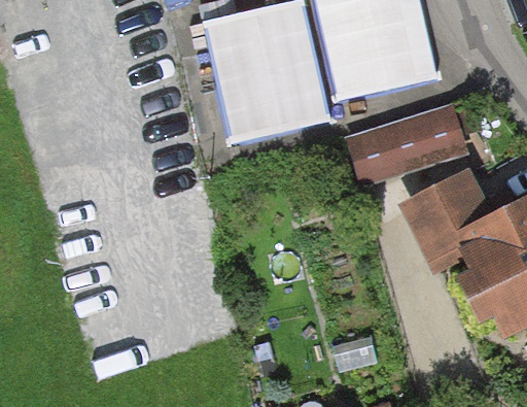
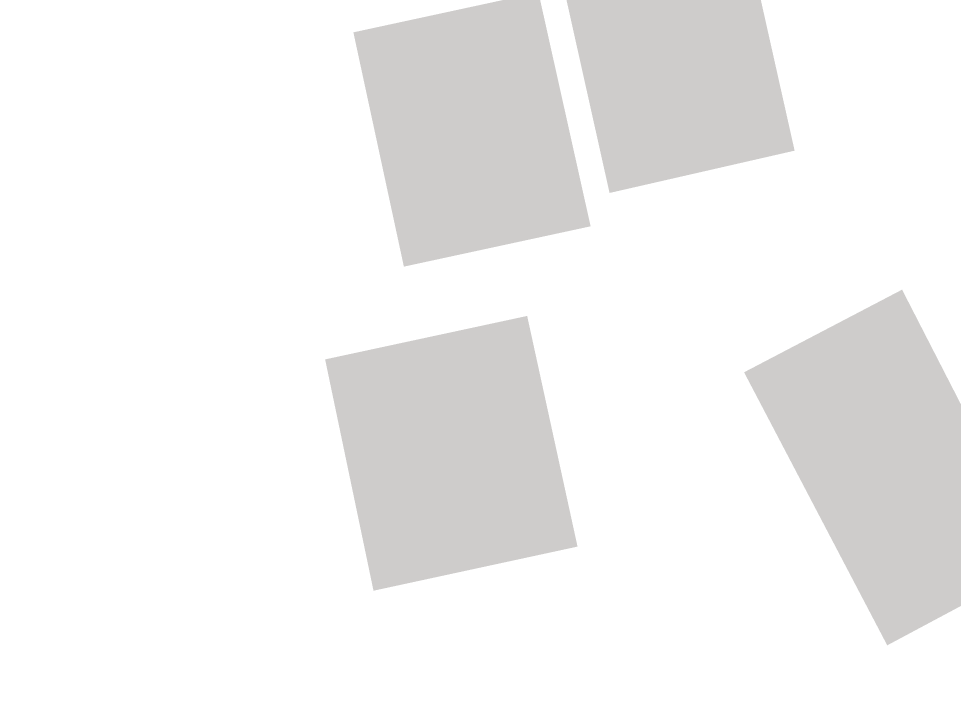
building: [349,98,469,183] -> none
building: none -> [324,315,578,592]

